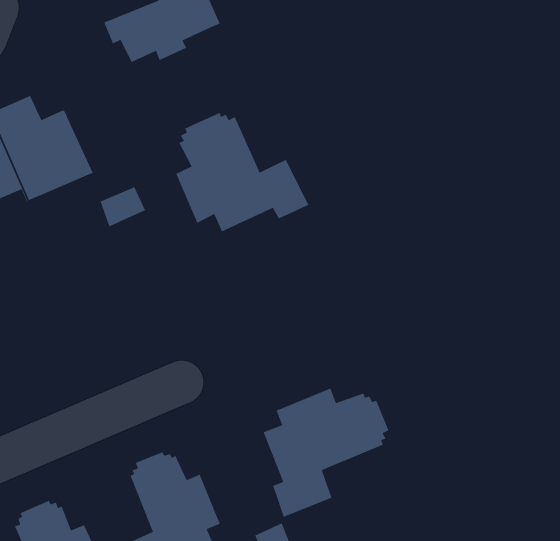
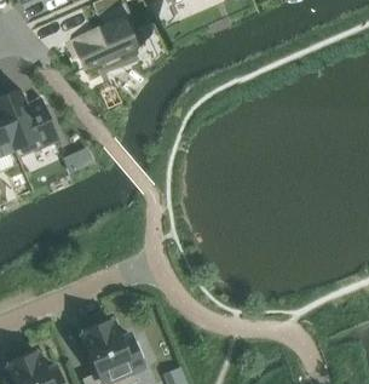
building: [175,112,309,232] -> none
building: [262,388,390,518] -> none

